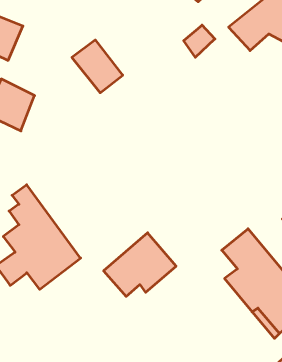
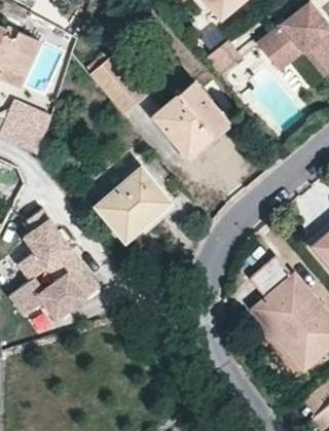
building: none -> [149,80,230,159]
building: [104,233,176,296] -> [95,167,171,234]

